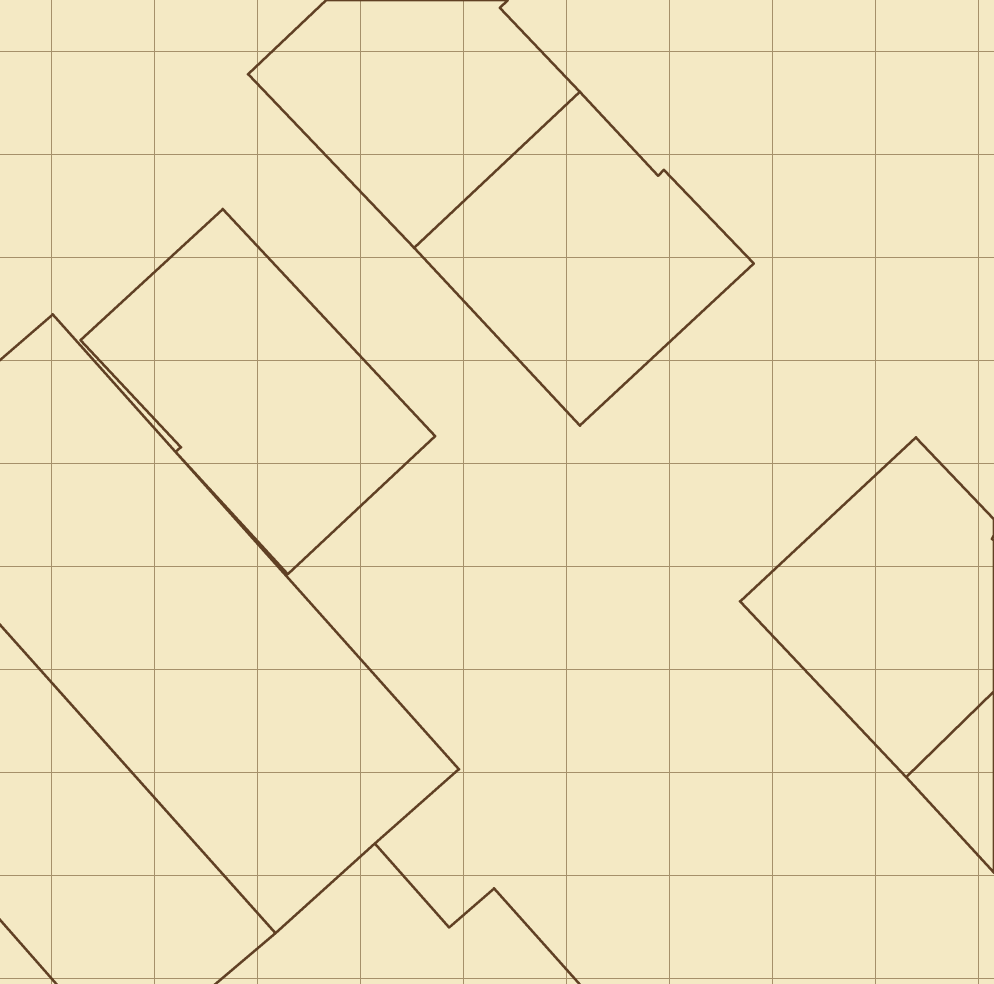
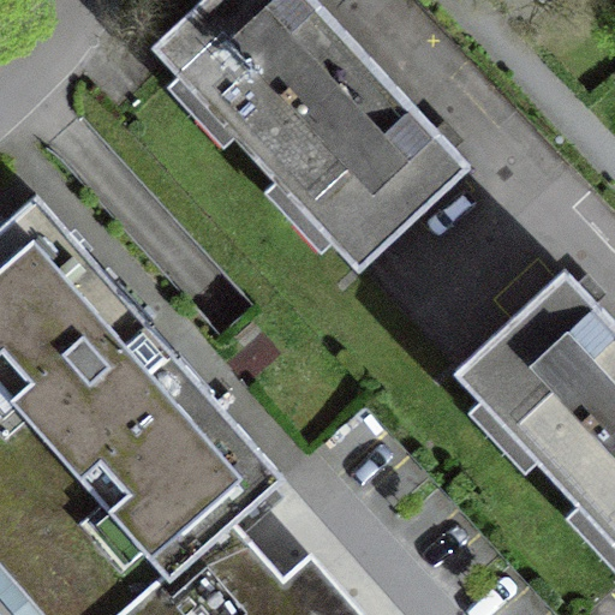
building: [81,209,435,574] -> none

